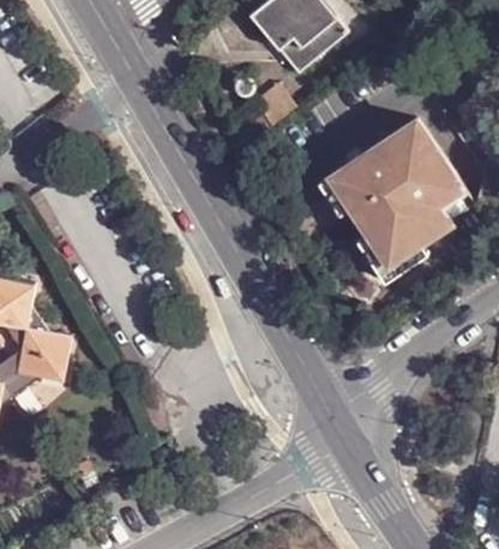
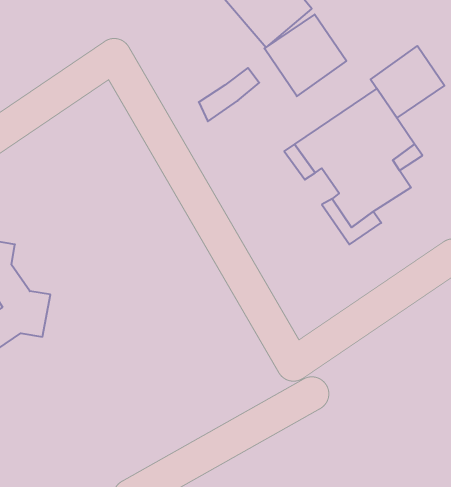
building: none -> [264,14,346,96]
building: none -> [371,46,444,118]

